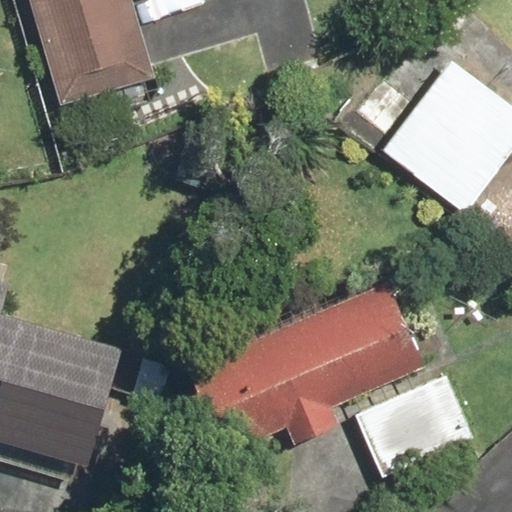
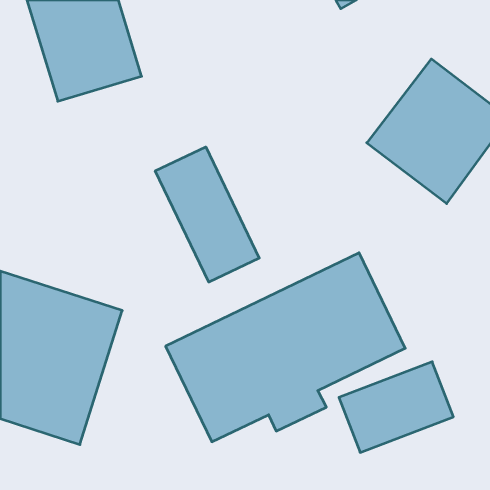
building: none -> [155,147,259,282]

